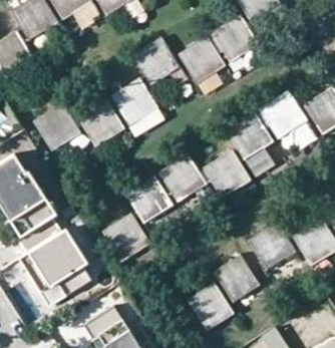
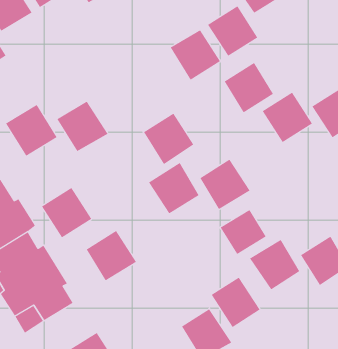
building: [132,39,178,84] -> none
building: [111,80,156,126] -> [143,113,194,165]
building: [227,114,271,159] -> [224,62,274,113]
building: [126,178,172,223] -> [41,187,92,238]
building: none -> [220,209,267,255]

